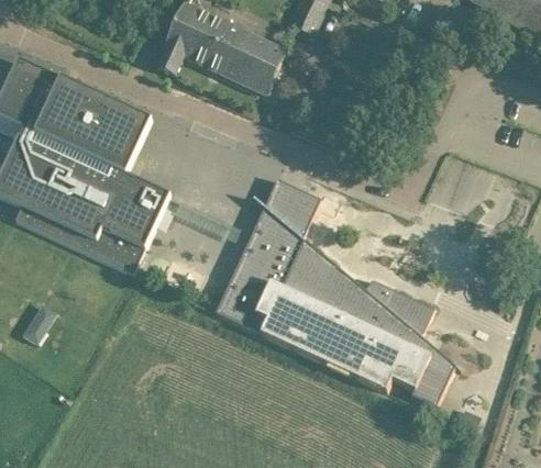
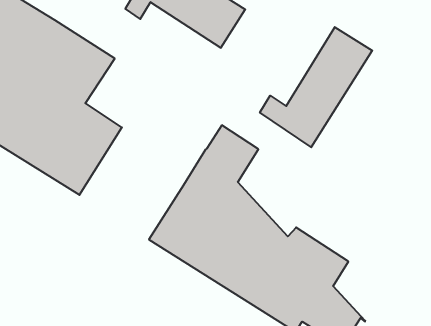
building: none -> [260,27,372,147]

